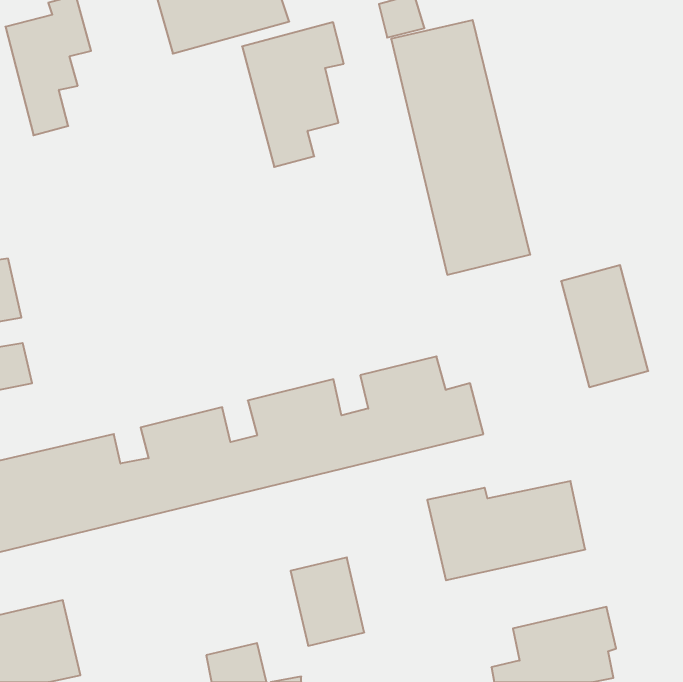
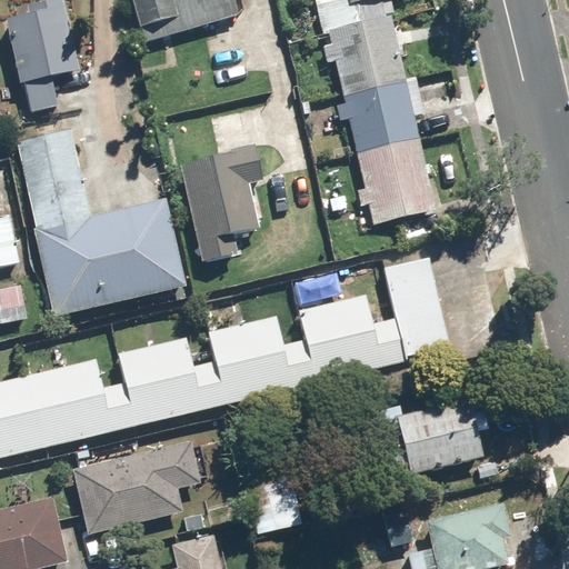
building: [242,22,344,167] -> [178,144,262,264]
building: none -> [9,124,186,318]
building: [561,265,648,387] -> [382,260,455,361]
building: none -> [72,439,199,532]

